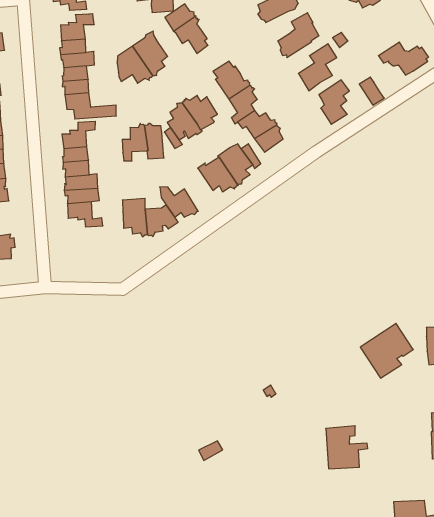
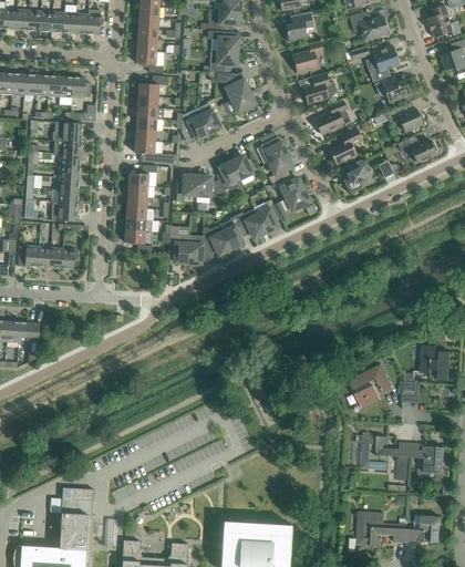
building: none -> [384,105,423,132]
building: none -> [223,215,246,250]
building: [326,426,368,469] -> [361,434,395,470]

